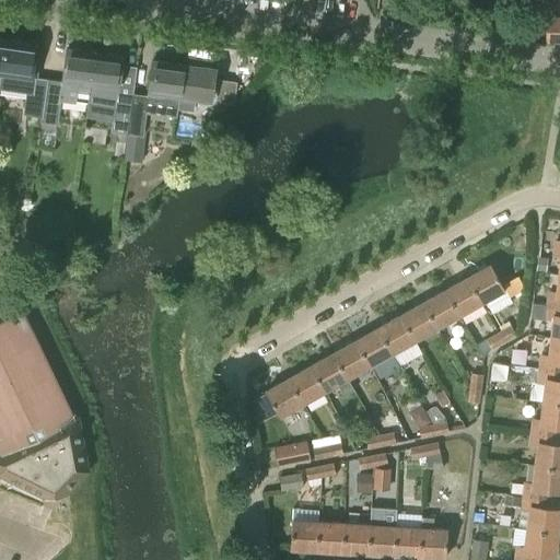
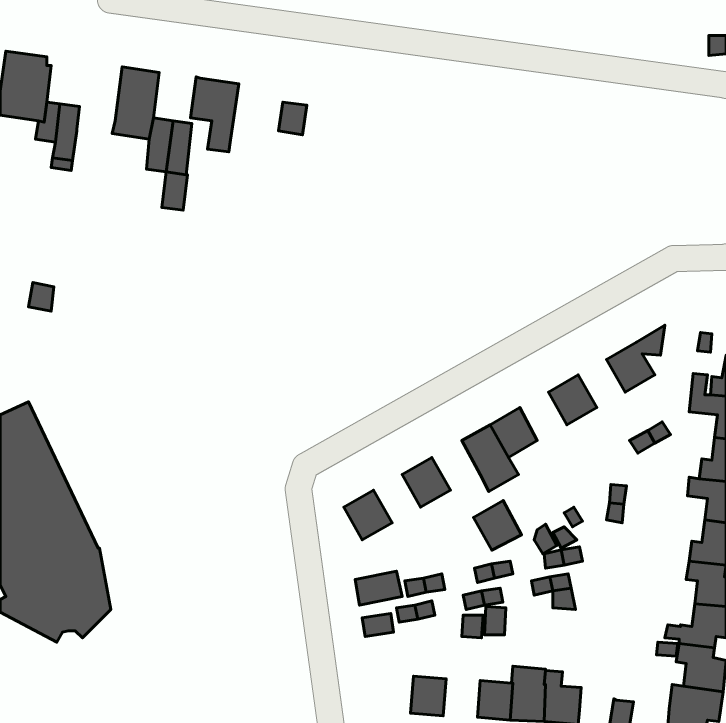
building: [59,50,94,104] -> none
building: [177,67,215,114] -> none
building: [445,279,481,316] -> none
building: [400,304,436,341] -> none
building: [332,341,370,380] -> [473,501,522,550]
building: [288,368,324,405] -> none
building: [290,511,318,551] -> none
building: [341,525,370,555] -> none

